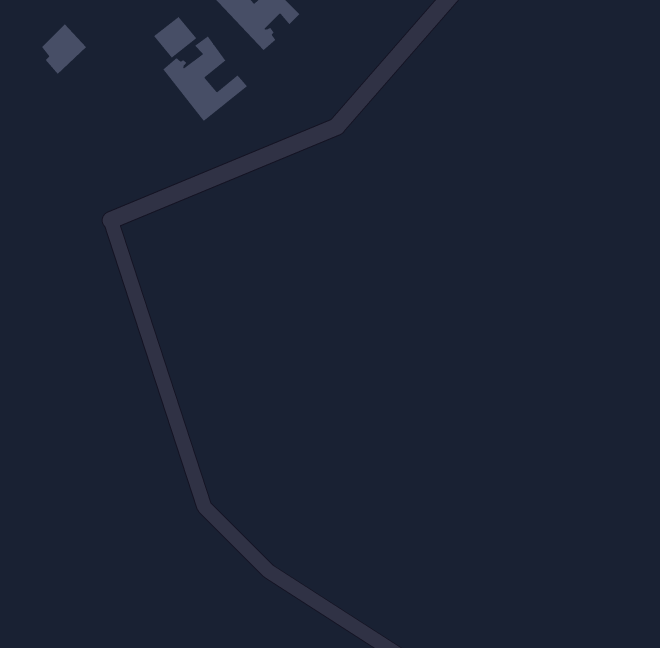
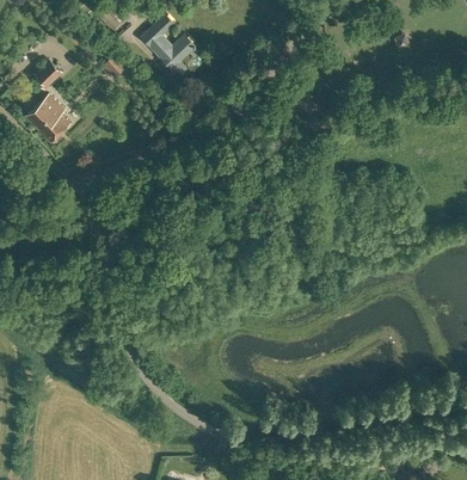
building: [163,35,248,122] -> none
building: none -> [26,96,70,143]

